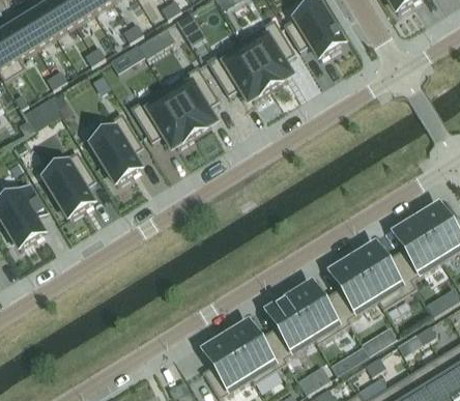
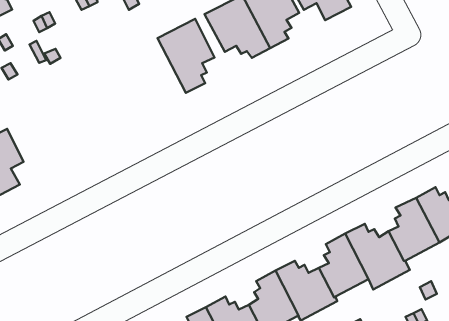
building: [130,86,193,146] -> none
building: [85,112,142,183] -> none
building: [40,150,94,218] -> none

